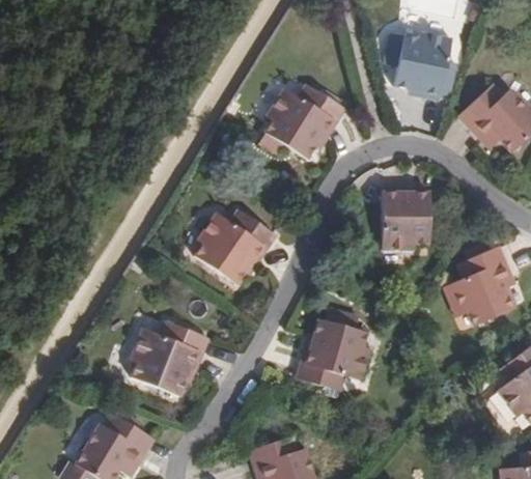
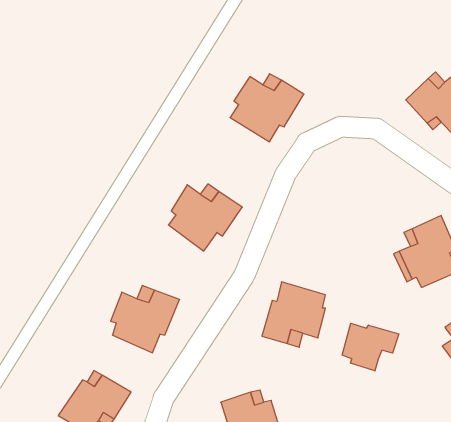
building: [389,32,453,102] -> none
building: [382,184,431,247] -> none
building: none -> [342,323,399,371]

